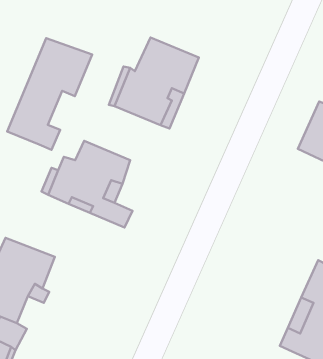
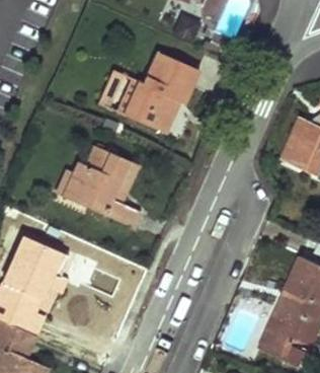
building: [7,38,92,150] -> none

